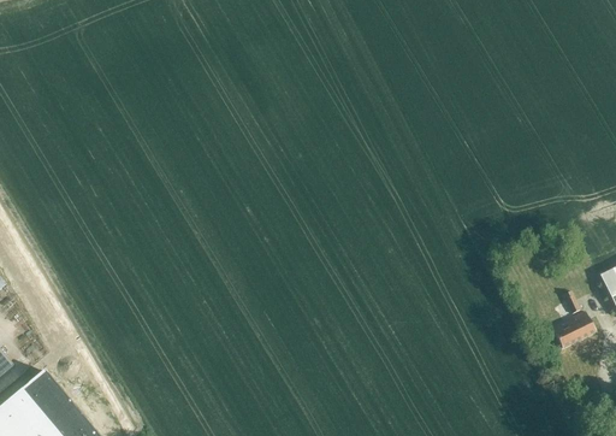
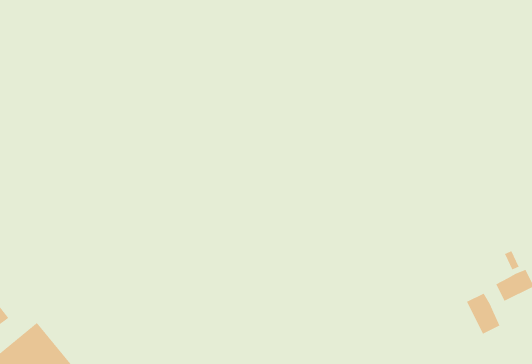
building: none -> [466,293,500,335]

